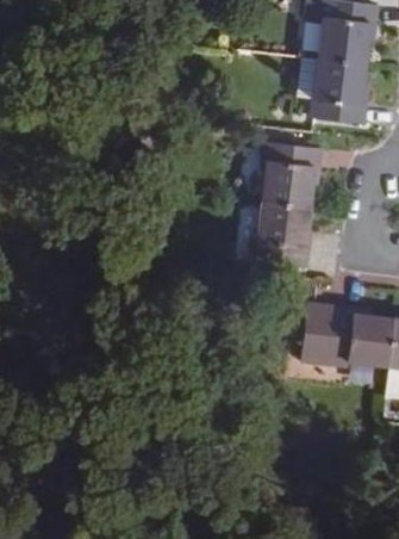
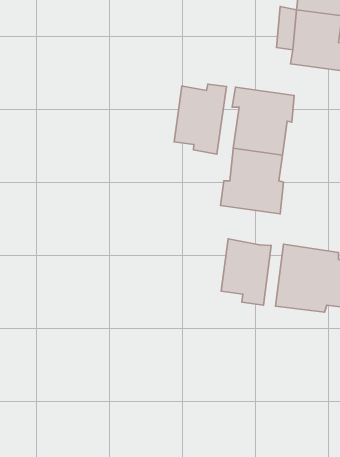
building: none -> [174,84,226,154]
building: none -> [221,239,271,305]

